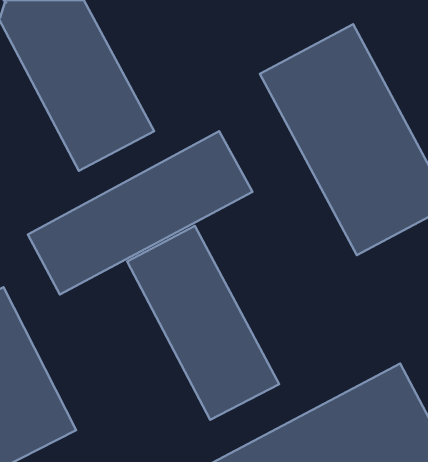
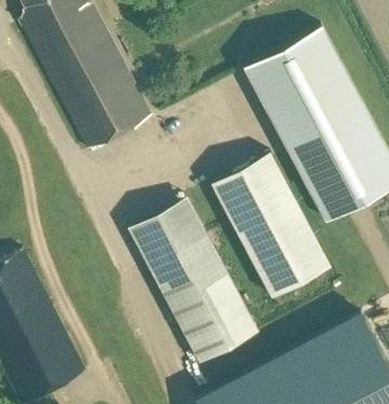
building: [28,131,252,294] -> none
building: none -> [211,154,331,299]

